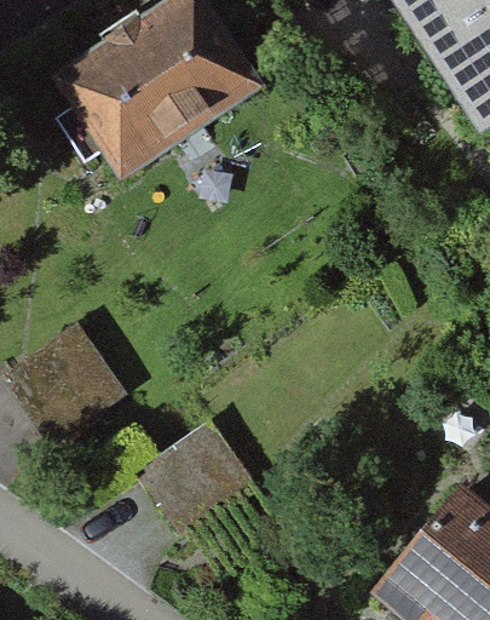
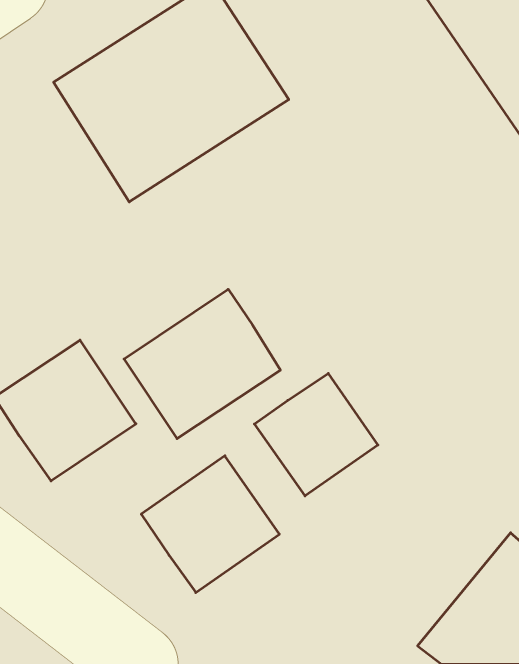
building: none -> [124,289,280,439]
building: none -> [254,373,378,496]

